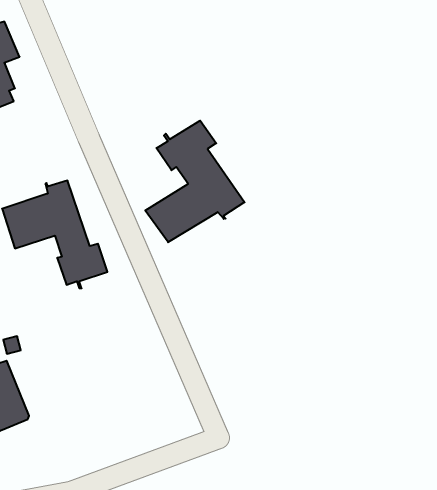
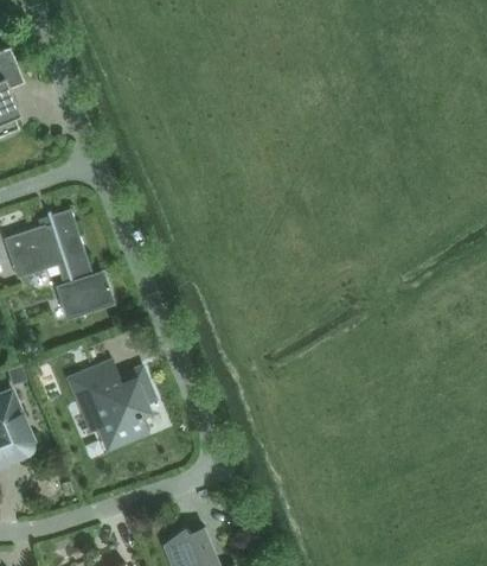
building: [145,121,245,242] -> none
building: none -> [70,365,155,449]

